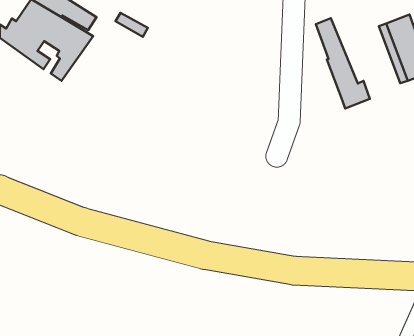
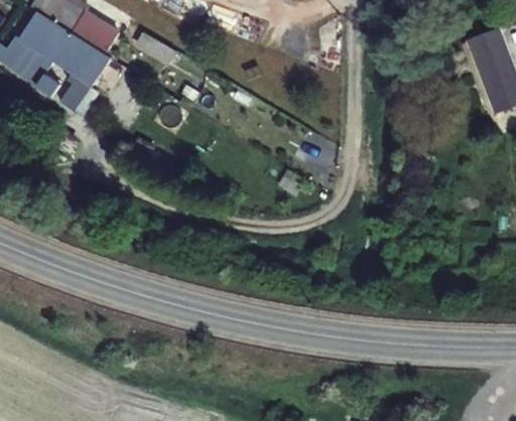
building: [316,18,370,109] -> none

